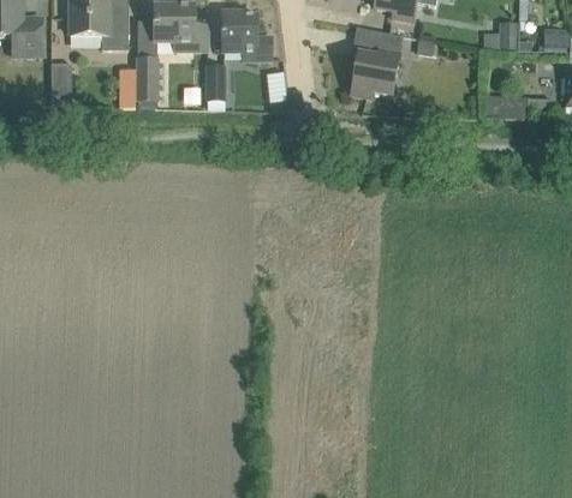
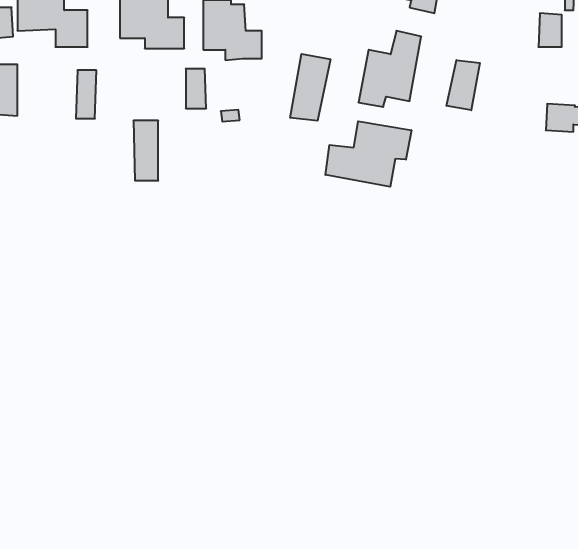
building: none -> [290,54,330,121]
building: [138,59,159,108] -> [133,121,158,181]
building: none -> [447,60,480,110]
building: none -> [325,121,411,187]

